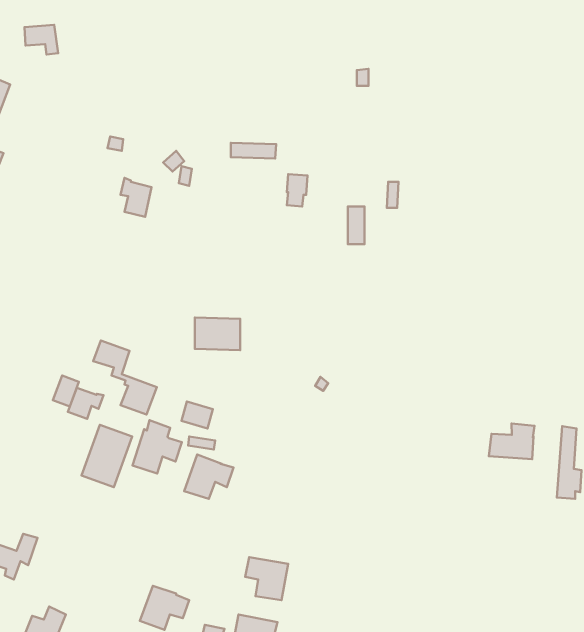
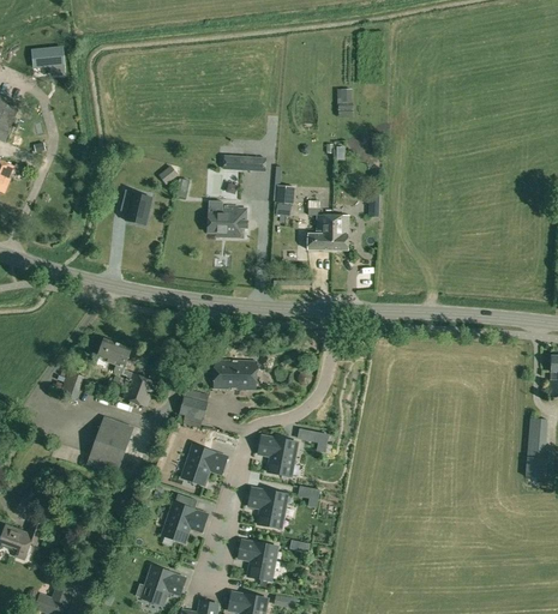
building: none -> [208,205,246,236]
building: none -> [307,215,332,249]
building: [195,318,240,350] -> [214,359,256,389]
building: [68,388,103,419] -> none
building: [133,420,182,473] -> [162,493,208,542]
building: [489,424,535,459] -> none
building: none -> [258,435,298,476]
building: none -> [247,487,289,525]

